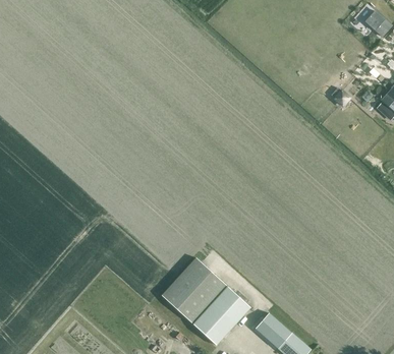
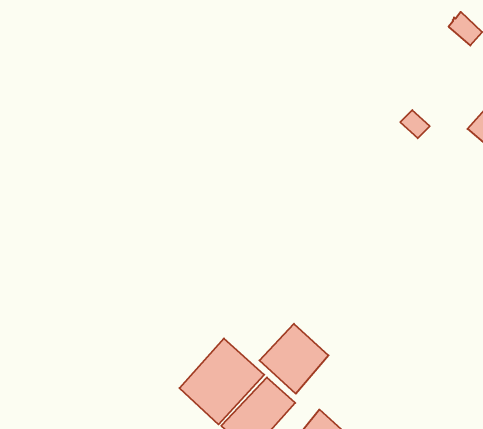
building: none -> [259,324,329,394]

